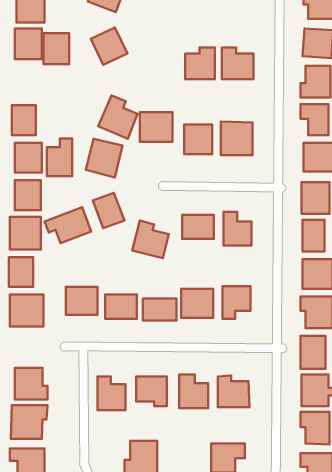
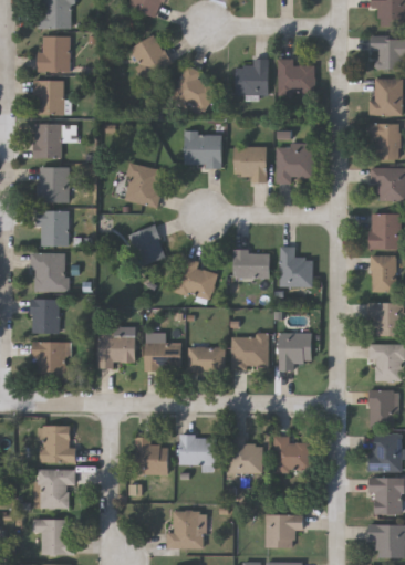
building: [43,33,69,64] -> [34,79,64,114]
building: [98,95,138,139] -> [169,64,215,114]
building: [47,138,72,176] -> none
building: [44,207,91,243] -> none

